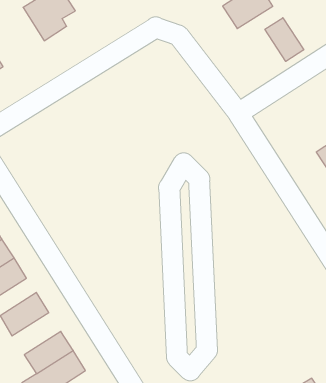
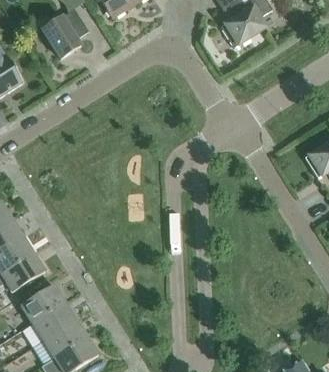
building: [265,18,304,61] -> none
building: none -> [32,302,76,340]

